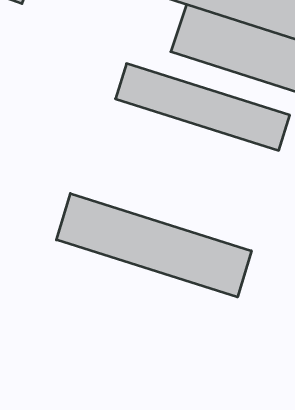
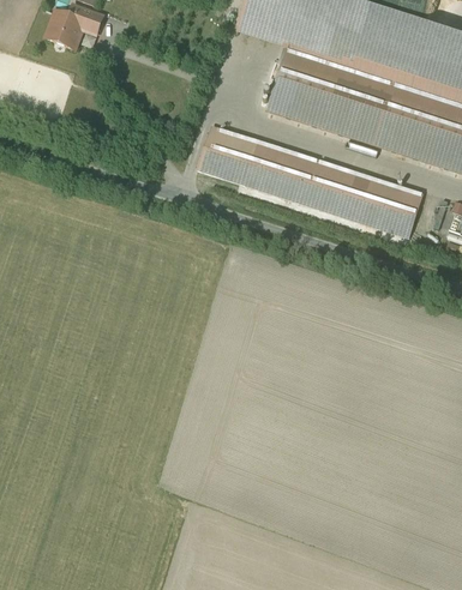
building: [56,193,251,297] -> none

